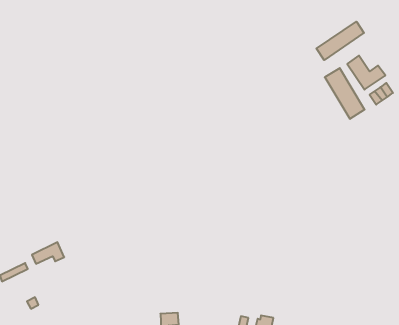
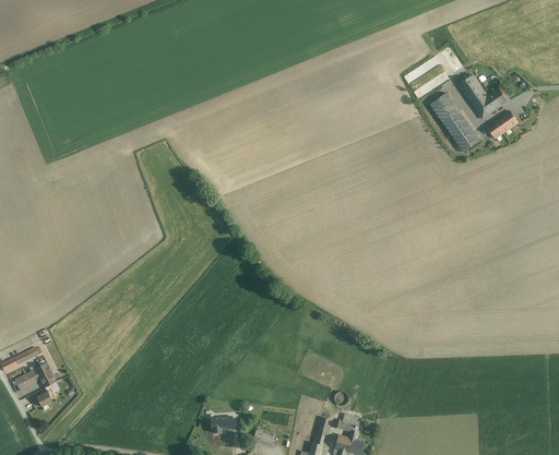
building: [316,22,364,60] -> none
building: [32,242,64,264] -> [13,361,56,390]

